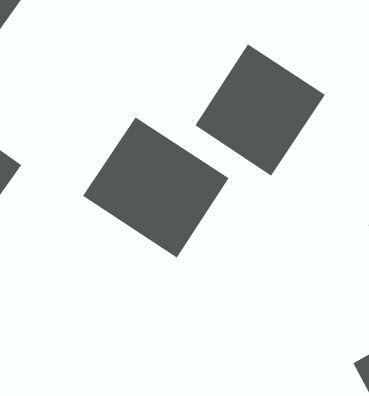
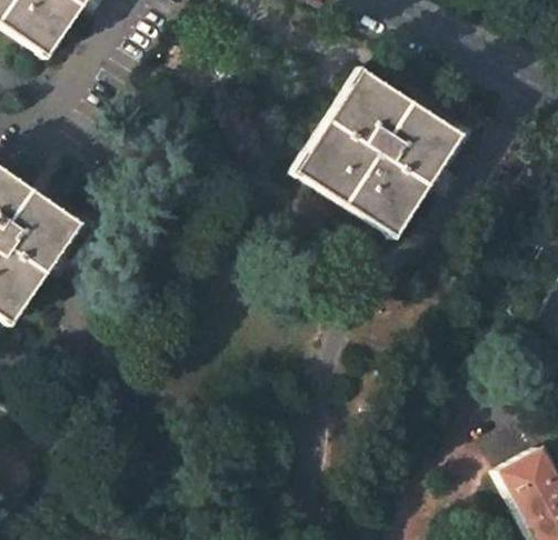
building: [82,116,230,259] -> none

